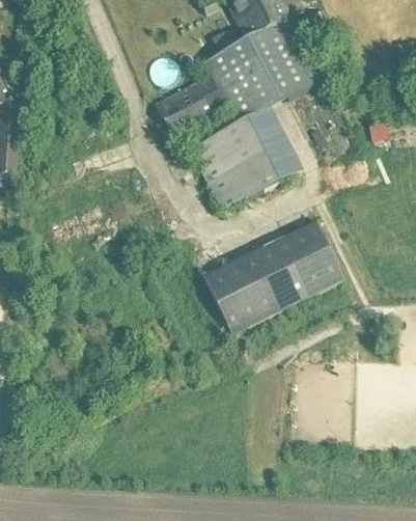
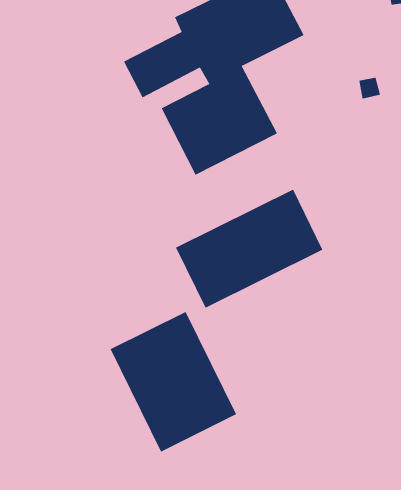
building: none -> [110,311,237,452]

